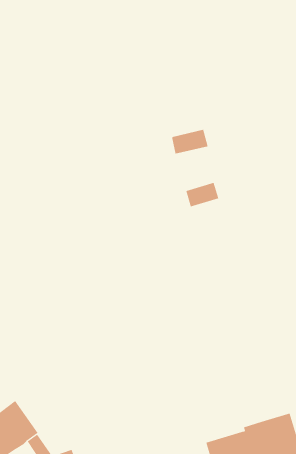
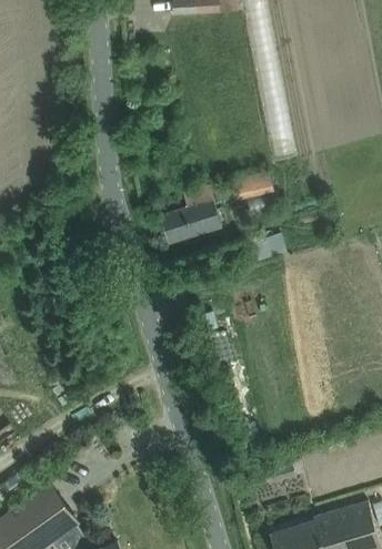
building: none -> [160,186,222,244]

